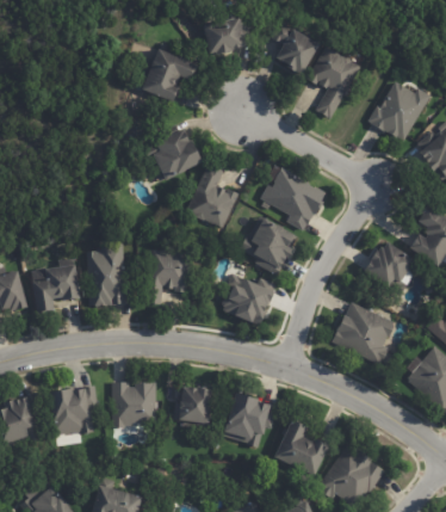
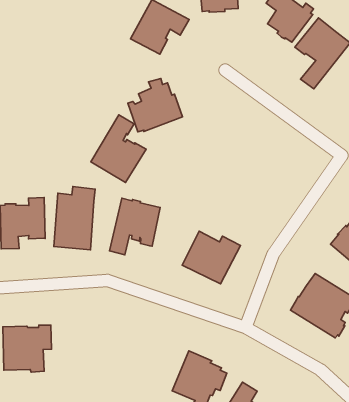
building: [185,162,239,229] -> [91,115,146,183]
building: [260,165,324,230] -> none
building: [239,215,297,276] -> none
building: [111,382,155,428] -> none
building: [173,387,212,425] -> none

